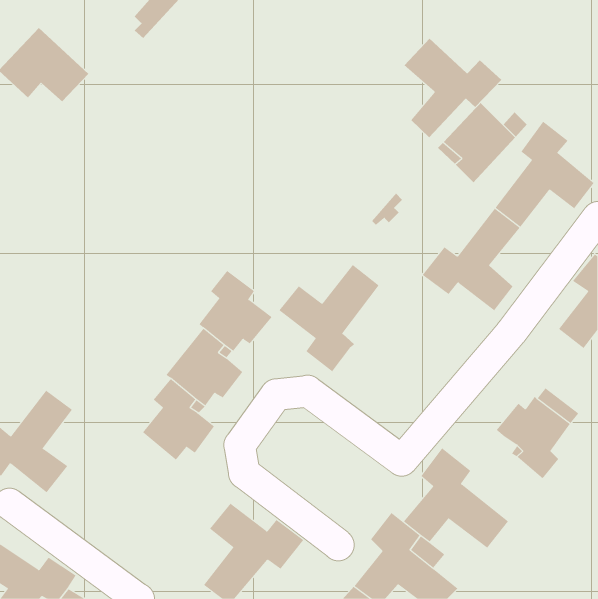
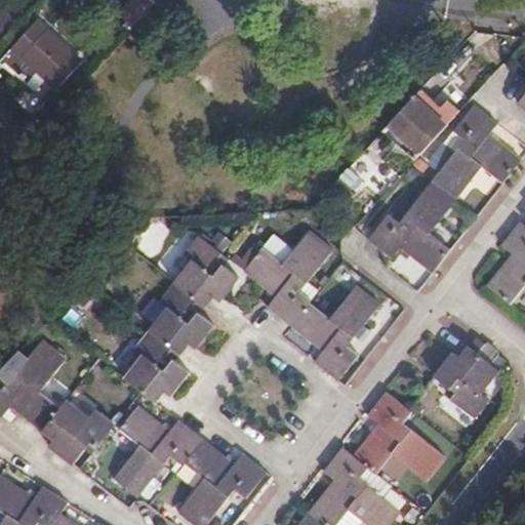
building: [404,38,502,138] -> none
building: none -> [290,287,378,379]
building: none -> [41,401,114,465]
building: none -> [114,406,201,495]

